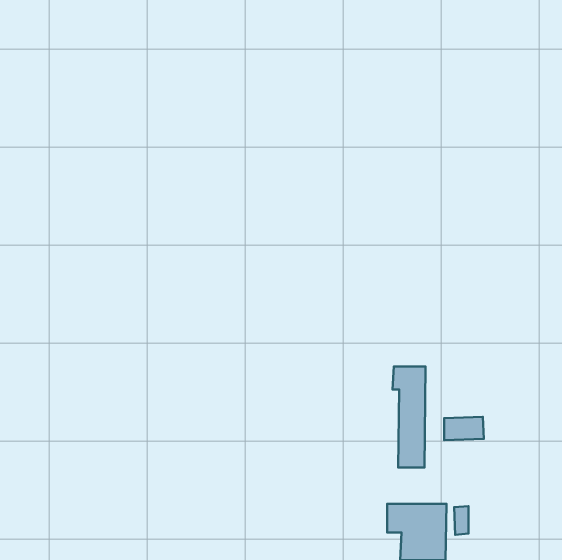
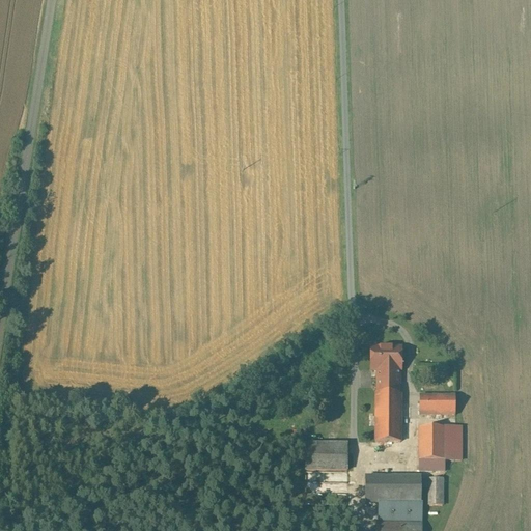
building: none -> [418,425,462,470]
building: none -> [305,442,347,468]

